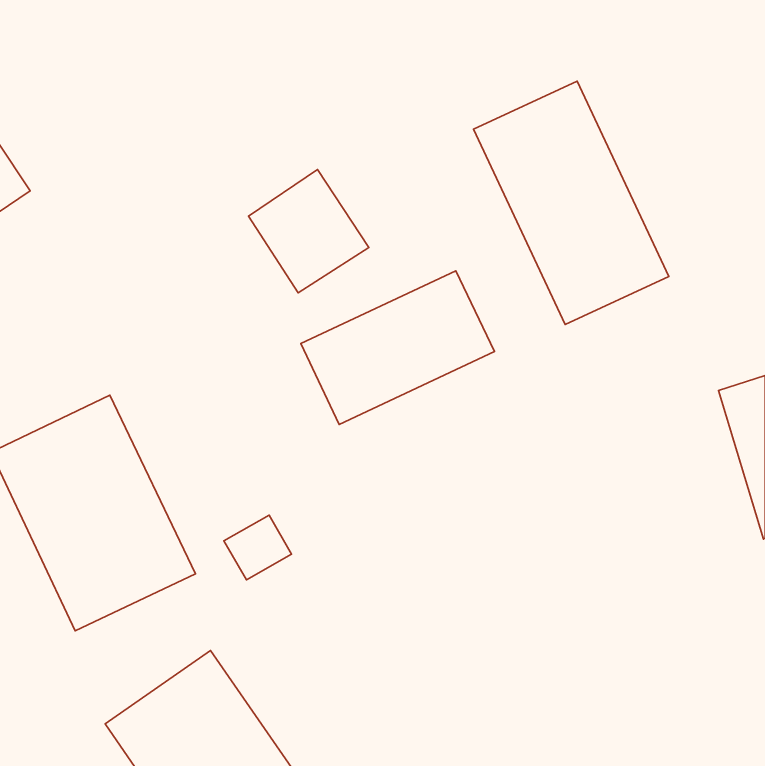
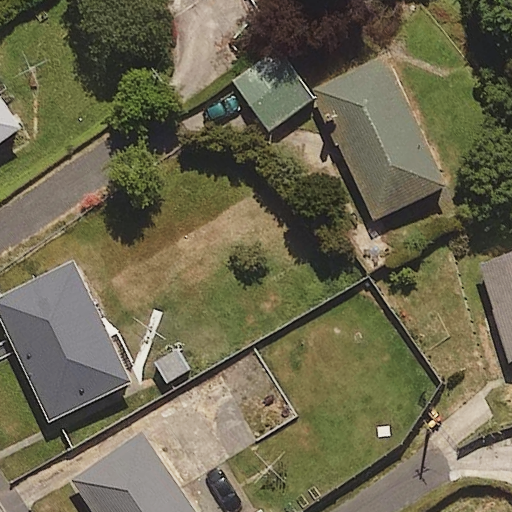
building: [248,170,369,293] -> [232,50,312,132]
building: [301,271,494,424] -> none

